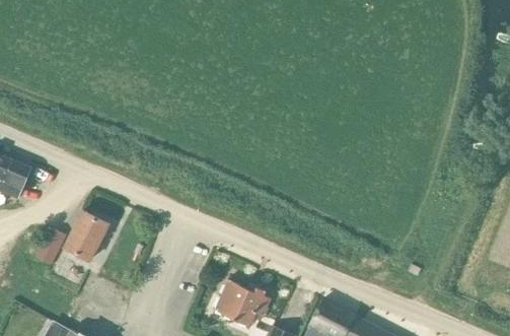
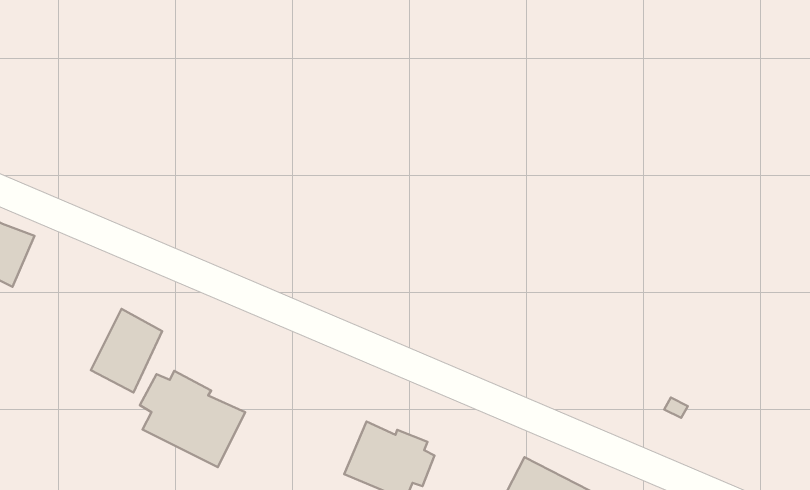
building: [35,228,64,264] -> none
building: none -> [140,371,245,467]

